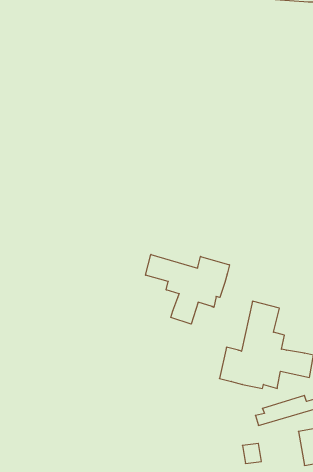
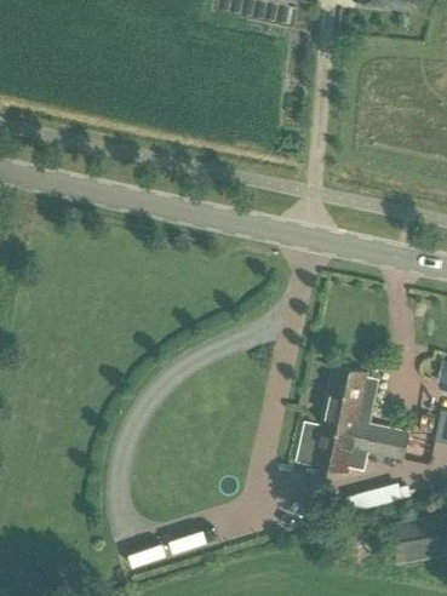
building: [146,254,229,324] -> none

